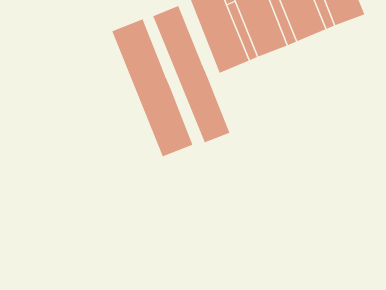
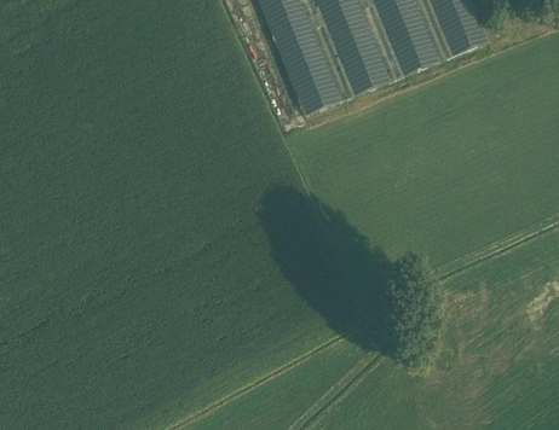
building: [152,5,230,143] -> none
building: [112,18,193,157] -> none

